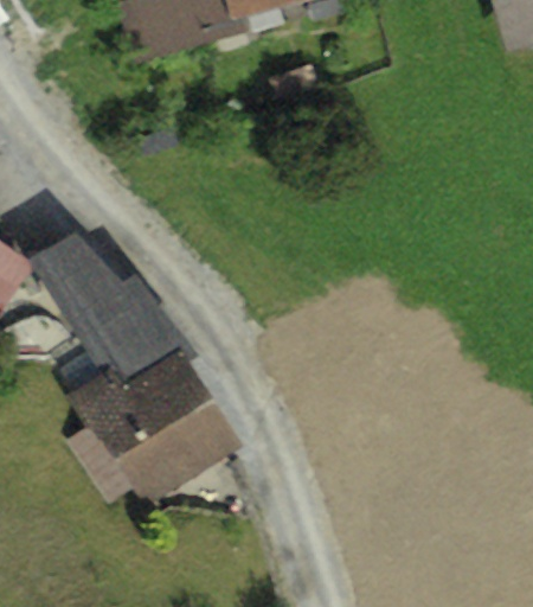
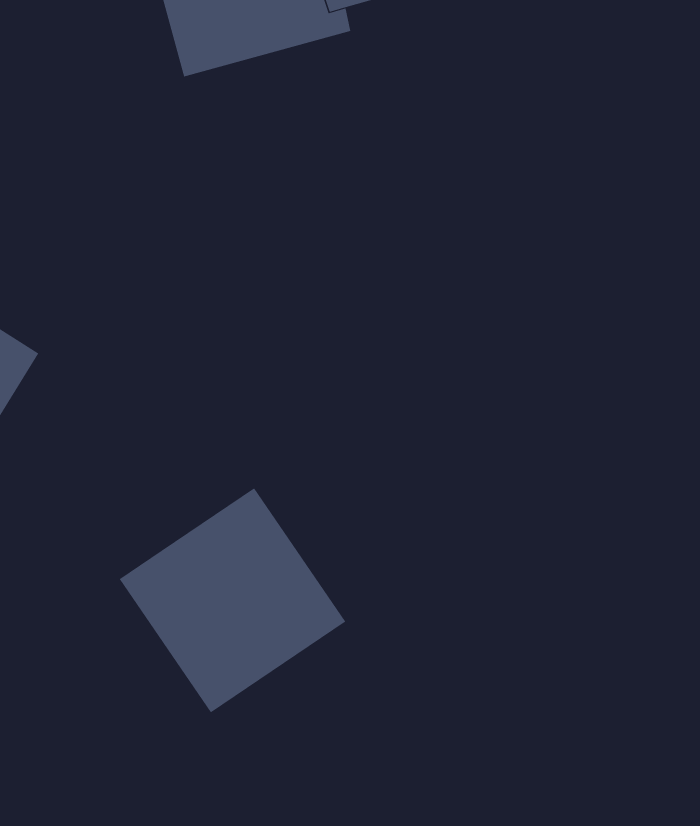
building: [27,231,179,392] -> none

